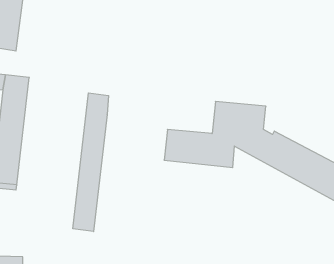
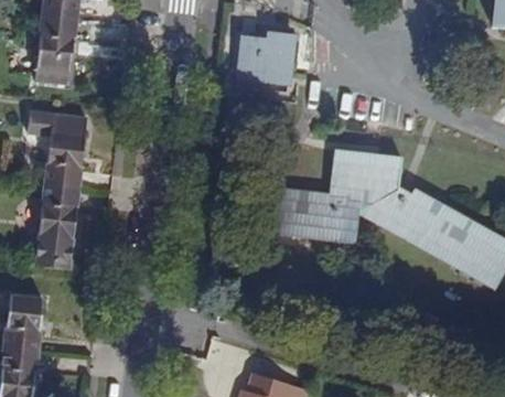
building: none -> [239,33,292,79]
building: [73,93,109,232] -> none

